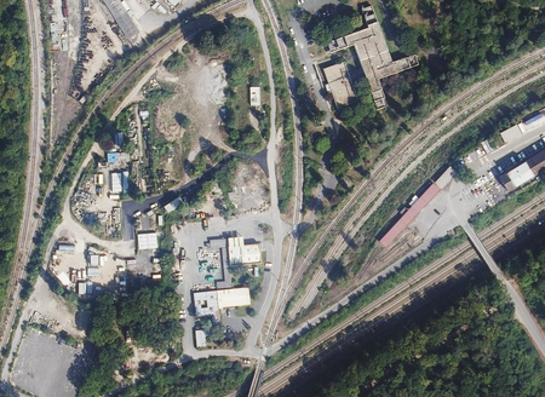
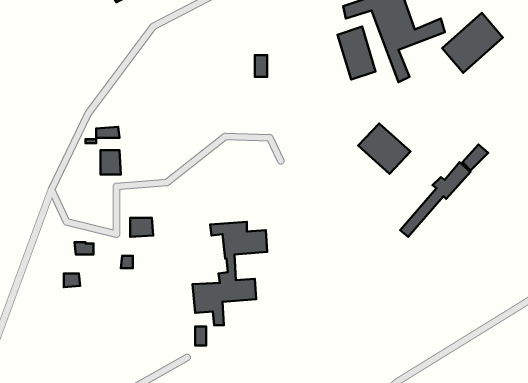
building: none -> [442,13,503,73]
building: none -> [358,123,411,174]

